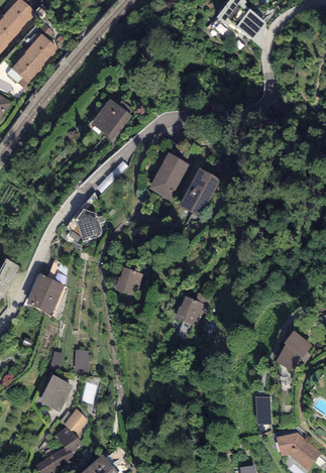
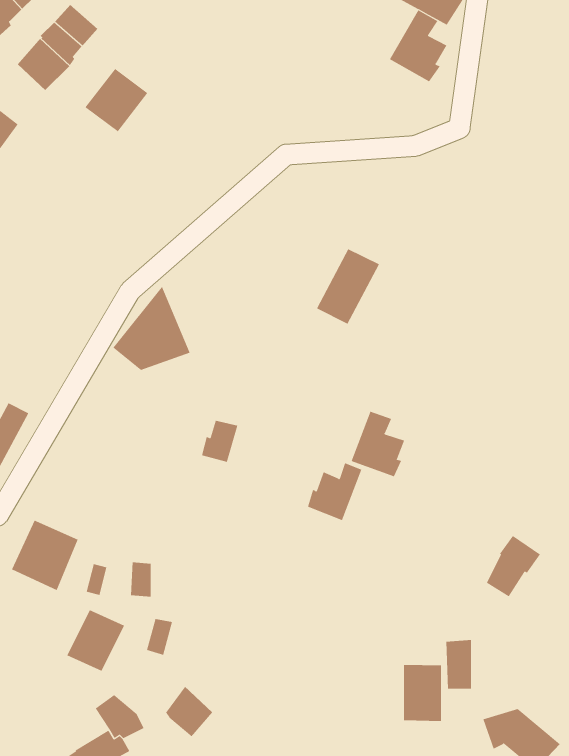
building: none -> [389,10,447,82]
building: [93,102,129,138] -> [85,68,148,132]
building: [150,155,187,200] -> none
building: none -> [351,411,405,477]
building: [25,272,64,313] -> [11,520,79,591]
building: [65,407,92,437] -> [165,686,213,737]
building: none -> [403,664,441,722]

